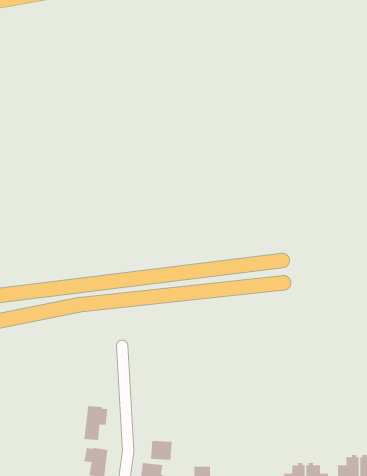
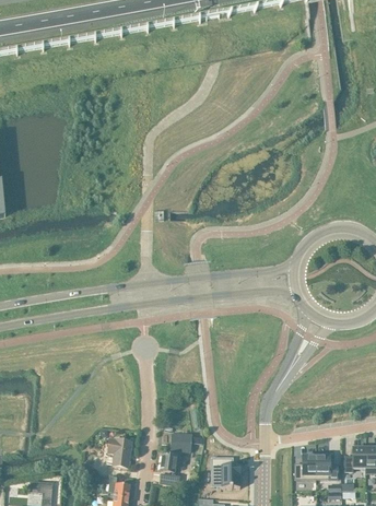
building: [84,405,108,441] -> none

